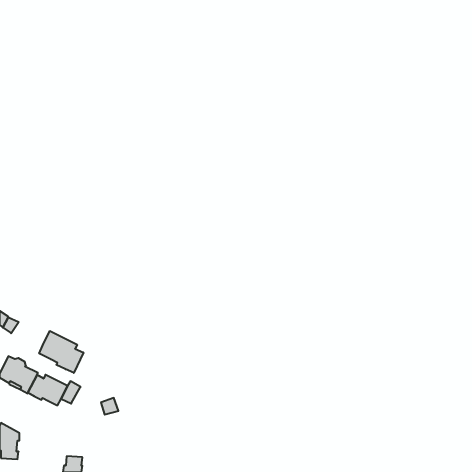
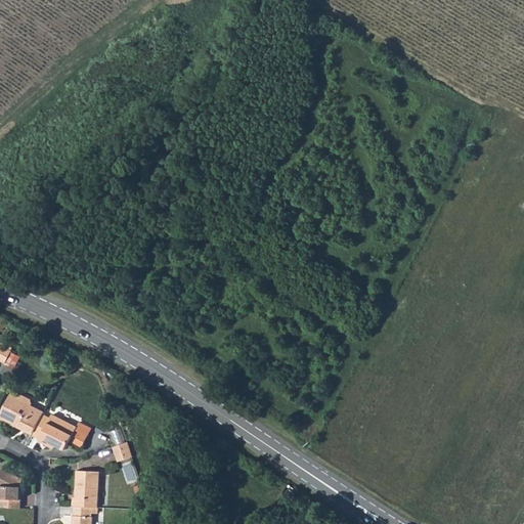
building: [39,331,83,373] -> none
building: none -> [72,470,97,506]

